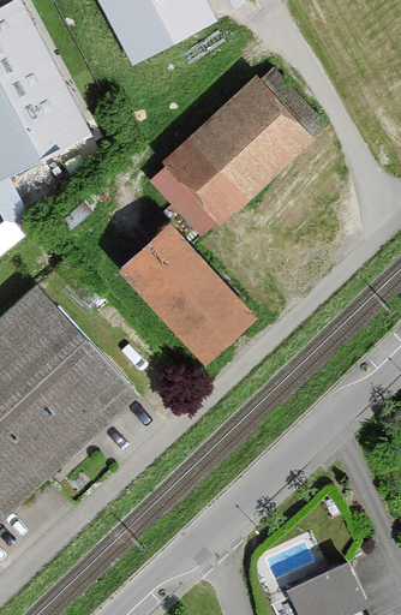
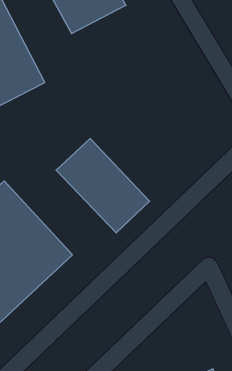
building: [152,71,329,237] -> none

